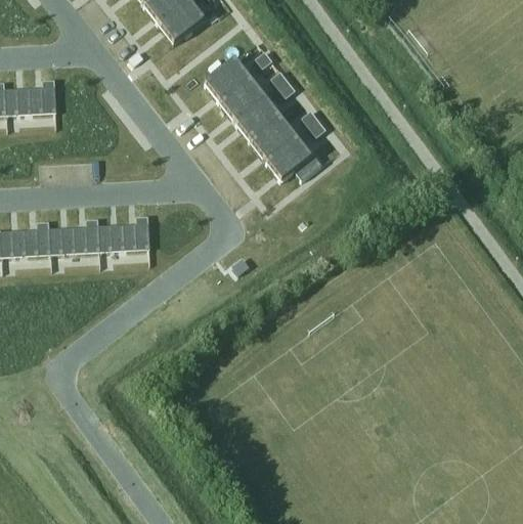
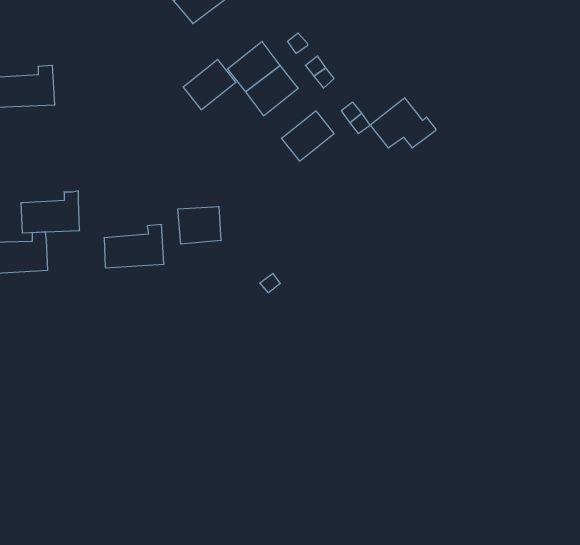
building: [234,98,279,141] -> [183,60,236,110]
building: [265,137,321,180] -> [370,98,436,148]
building: none -> [178,206,221,244]
building: [49,218,99,254] -> [21,191,80,233]

